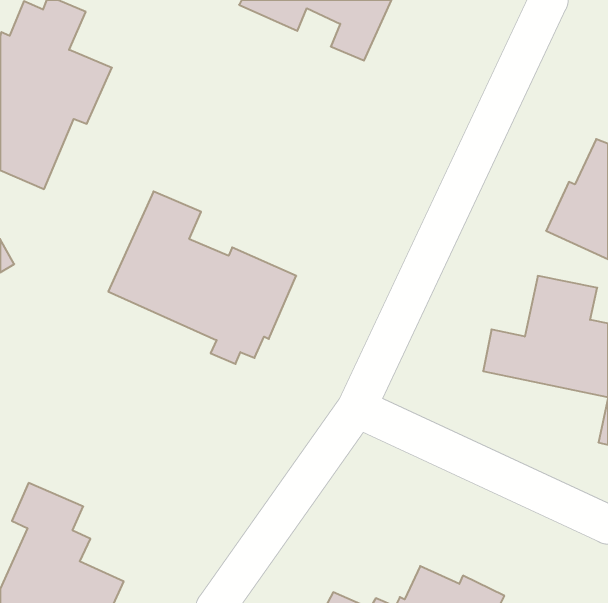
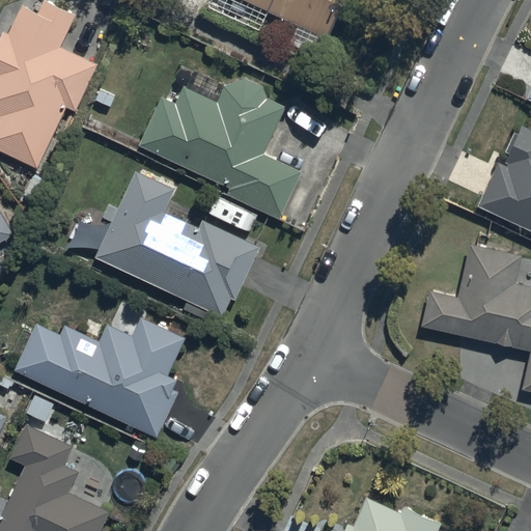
building: none -> [138,72,301,220]
building: none -> [13,318,184,438]

